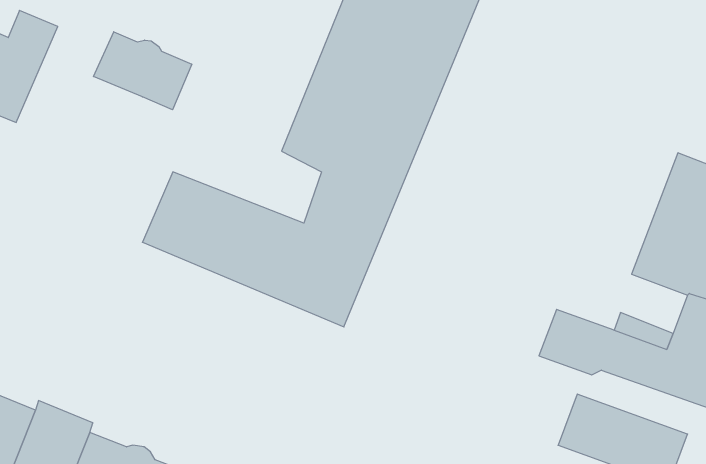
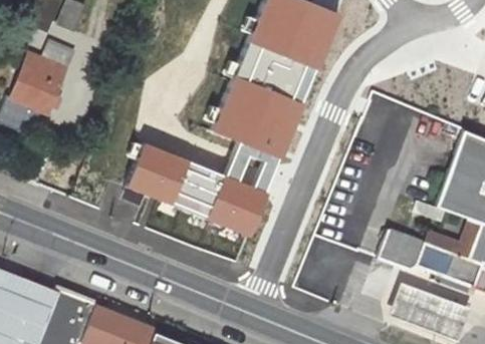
building: [94,32,192,110] -> none

